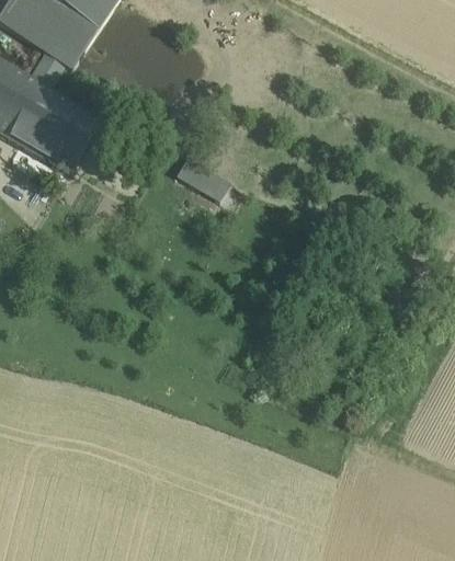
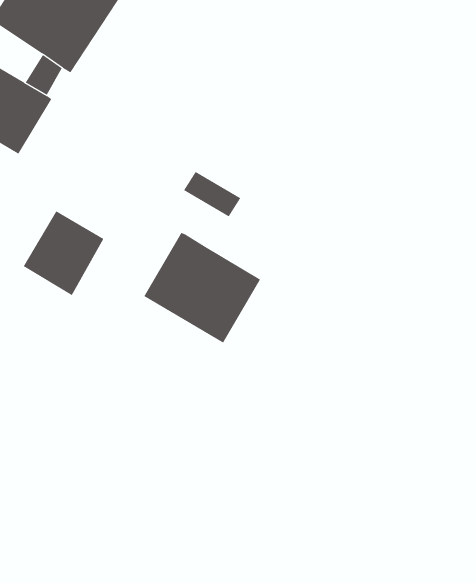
building: [23,92,99,171] -> [23,211,104,296]
building: none -> [143,232,261,344]

